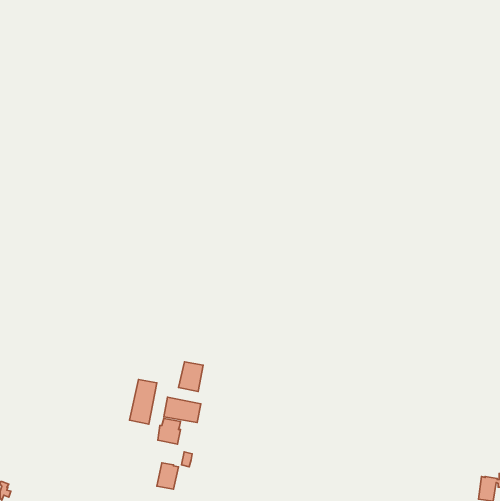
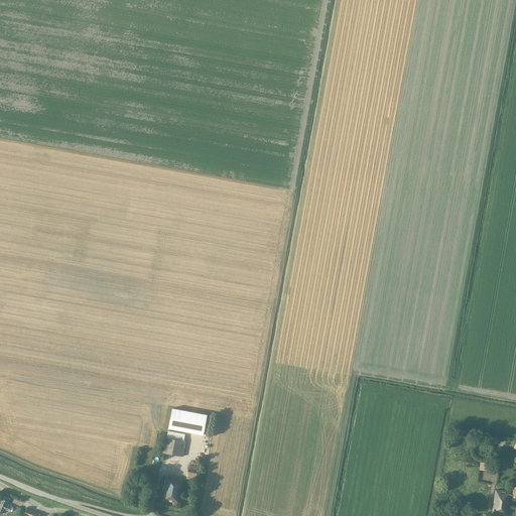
building: [179,362,203,391] -> none
building: [130,380,157,424] -> none

